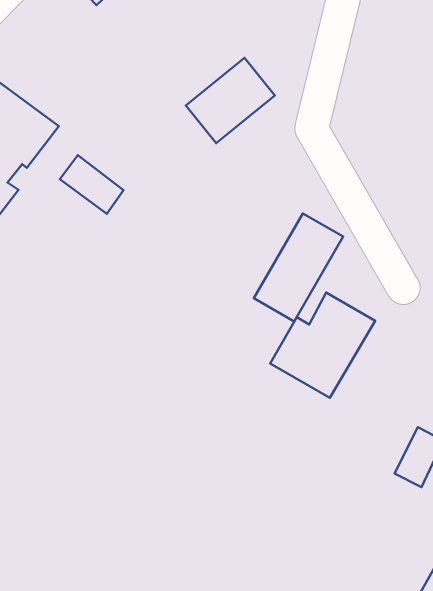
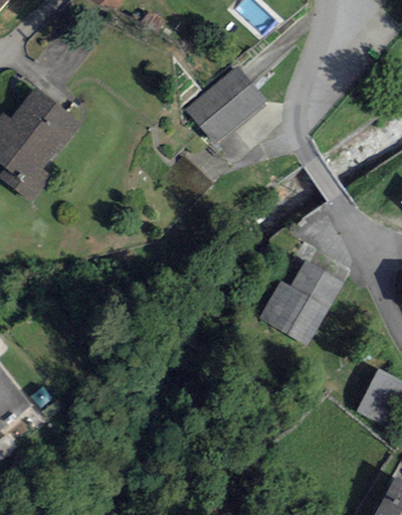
building: [60,155,123,214] -> none
building: [254,213,343,321] -> none

